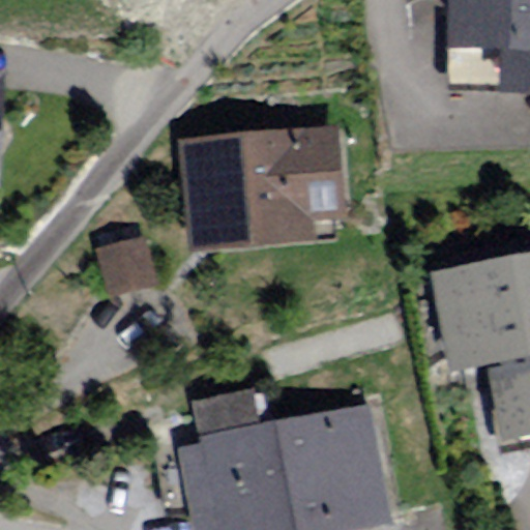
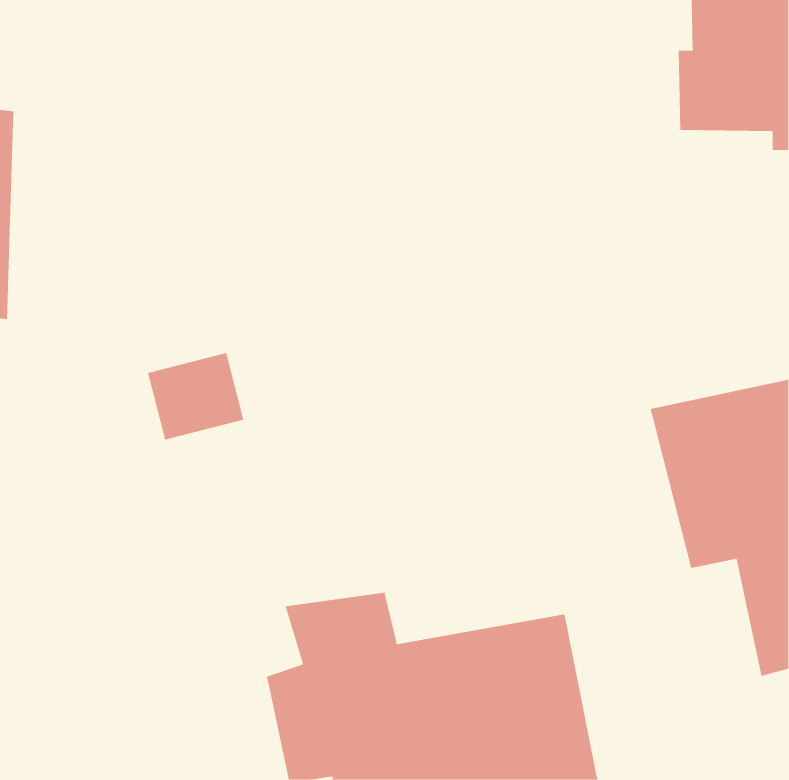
building: [183,126,348,255] -> none

